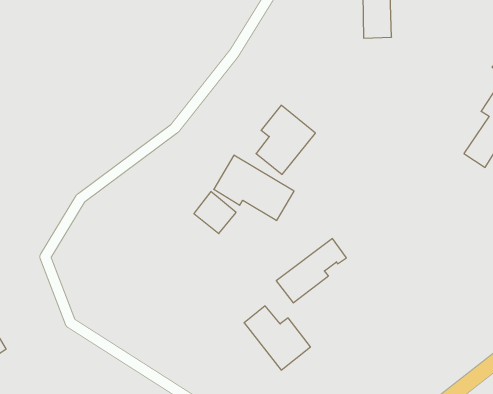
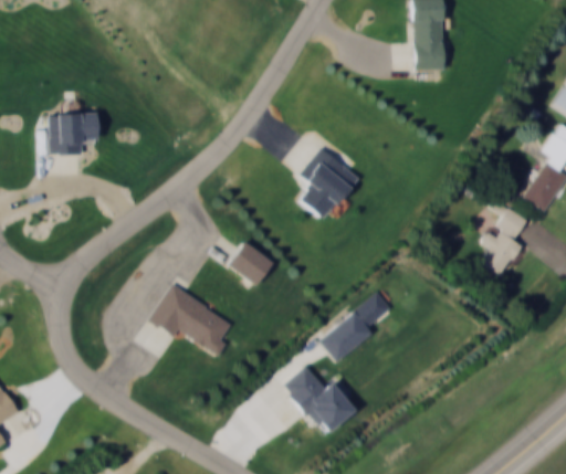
building: none -> [49,114,97,155]
building: [214,155,294,220] -> [149,284,238,356]
building: none -> [482,206,527,277]

